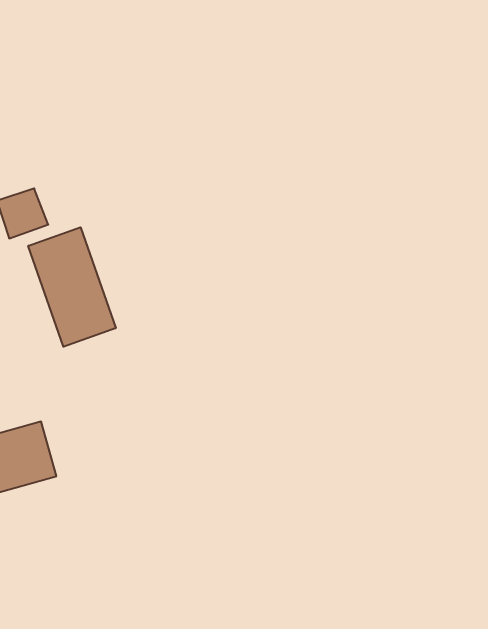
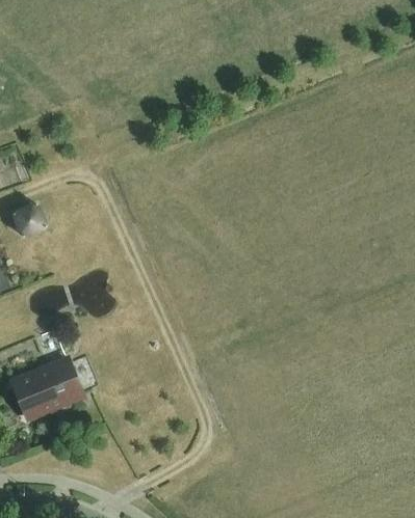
building: [28,227,116,347] -> none

